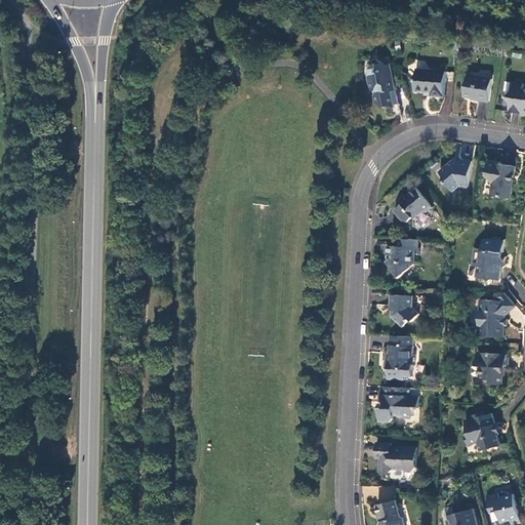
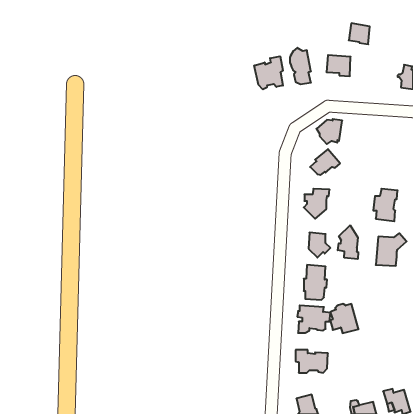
building: none -> [254,56,283,89]
building: [462,75,489,102] -> [349,23,370,44]
building: [438,159,471,191] -> [316,119,342,144]
building: [484,160,515,198] -> none
building: none -> [338,225,358,259]
building: [475,353,506,383] -> none
building: [463,413,499,450] -> [330,304,359,333]

